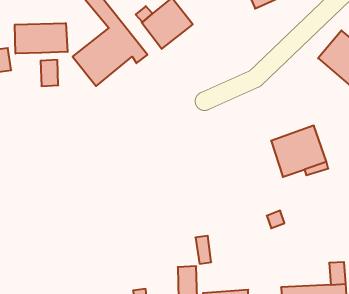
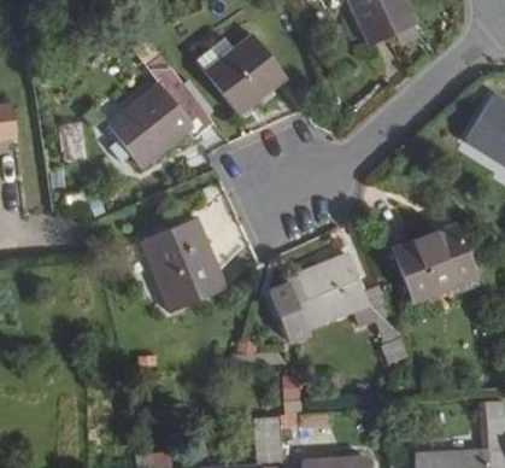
building: [15,23,68,54] -> none
building: none -> [149,215,234,303]
building: none -> [269,241,388,322]

